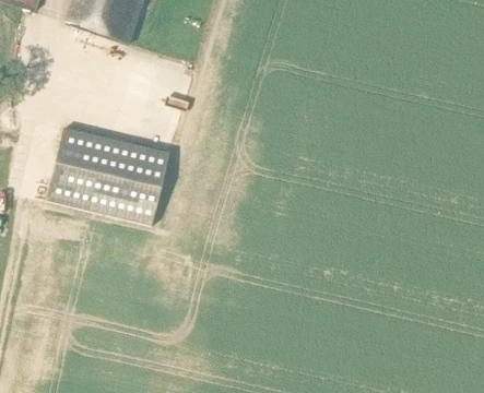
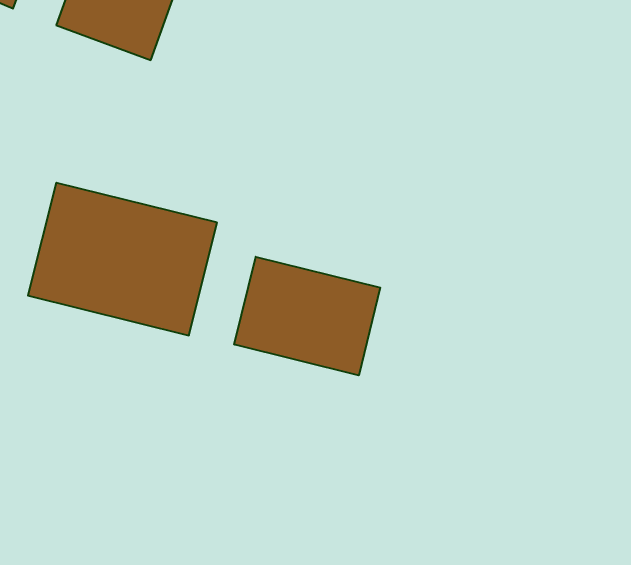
building: none -> [234,257,380,375]

